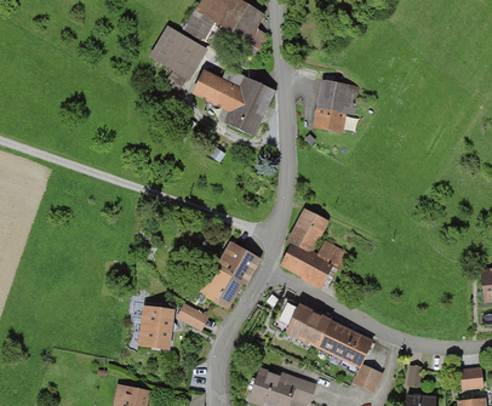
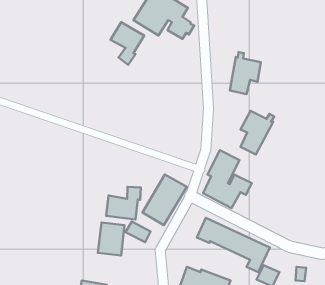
building: [195,72,273,135] -> none
building: none -> [241,111,274,154]
building: none -> [106,187,141,220]

